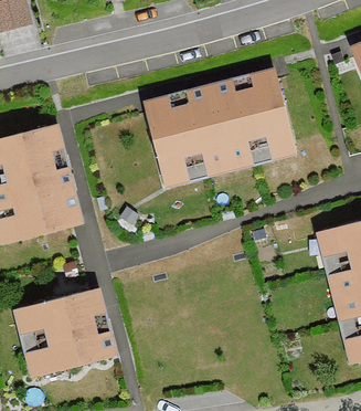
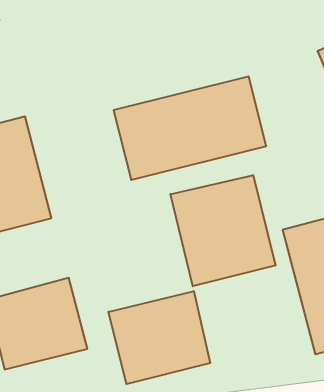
building: none -> [170,175,276,286]
building: none -> [108,291,210,384]

